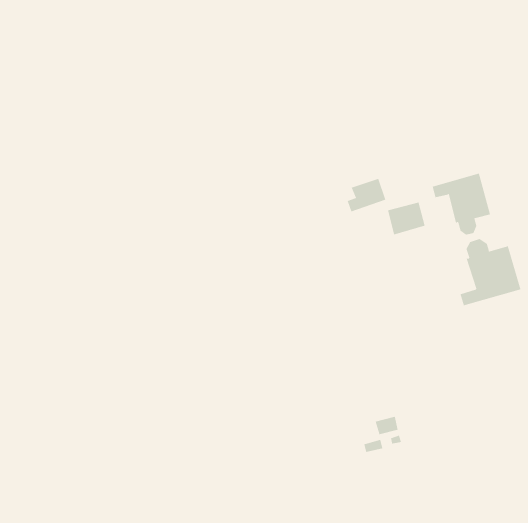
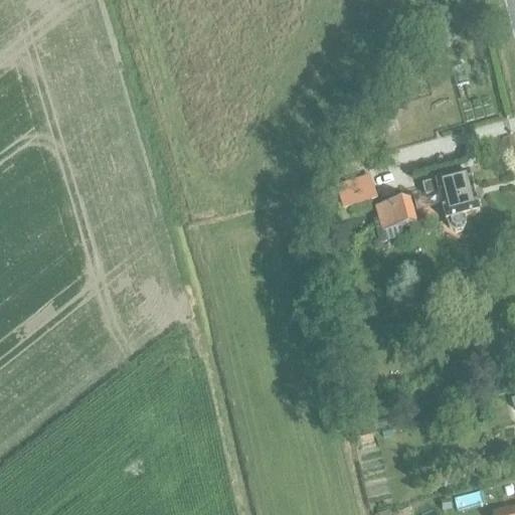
building: [460,238,521,306] -> none

